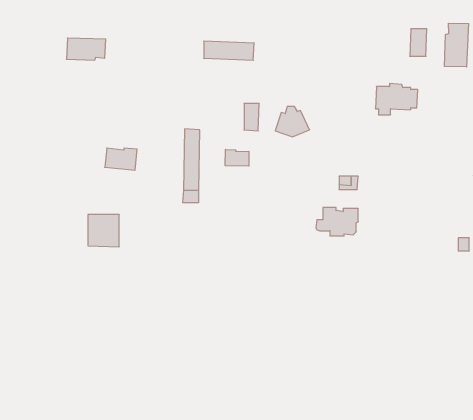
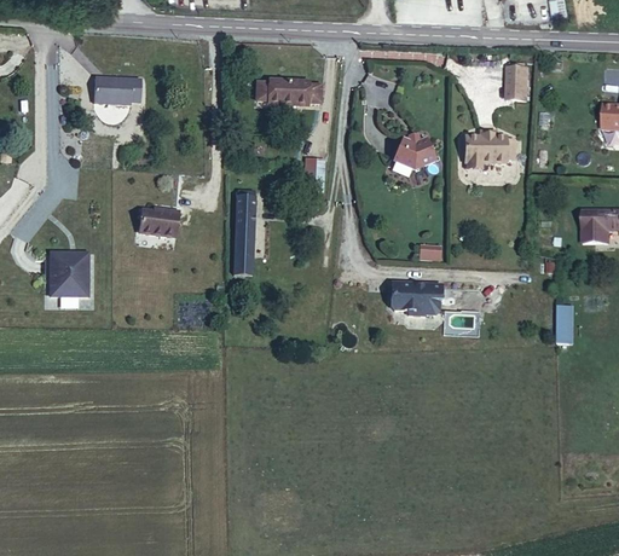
building: [444,23,469,67] -> none
building: [275,107,310,137] -> [393,127,434,163]
building: [225,149,249,166] -> none
building: [88,215,119,247] -> [50,259,87,297]

